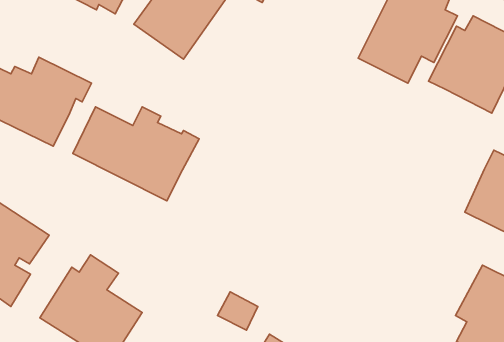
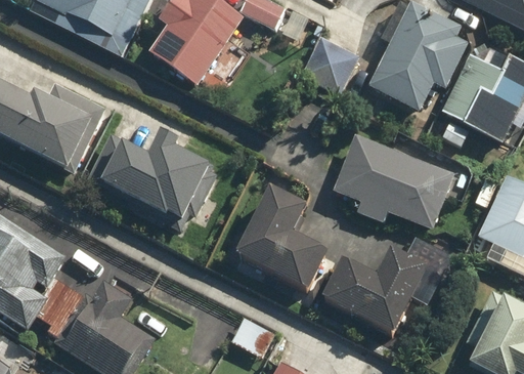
building: none -> [301,37,359,96]
building: none -> [332,137,449,228]
building: none -> [234,186,328,290]
building: none -> [321,250,425,335]

